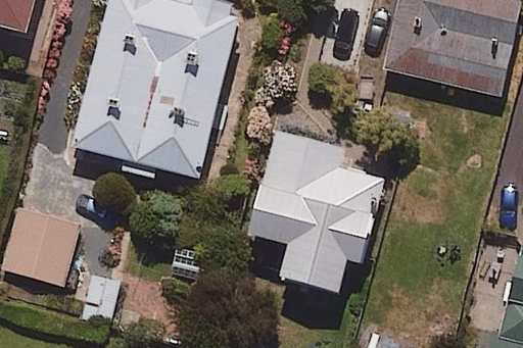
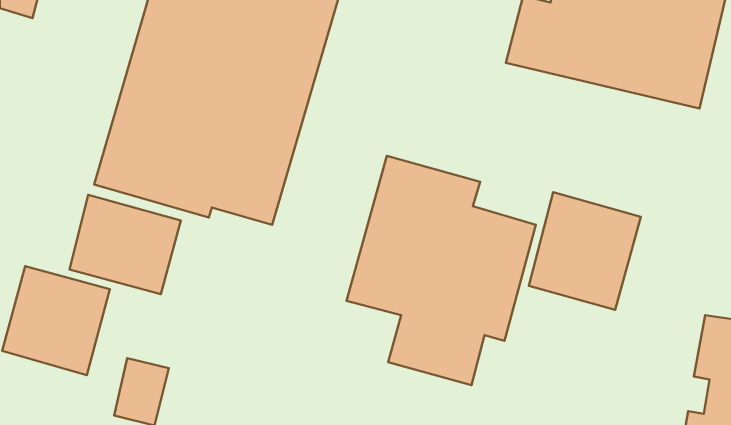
building: none -> [529,192,641,310]
building: none -> [70,195,181,294]

